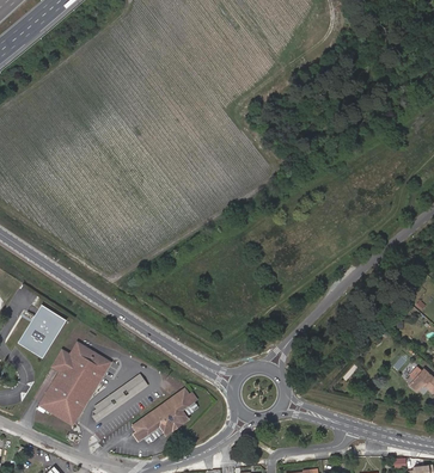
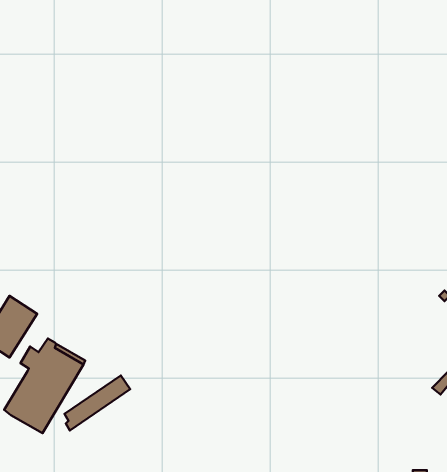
building: [134,388,197,440] -> none

